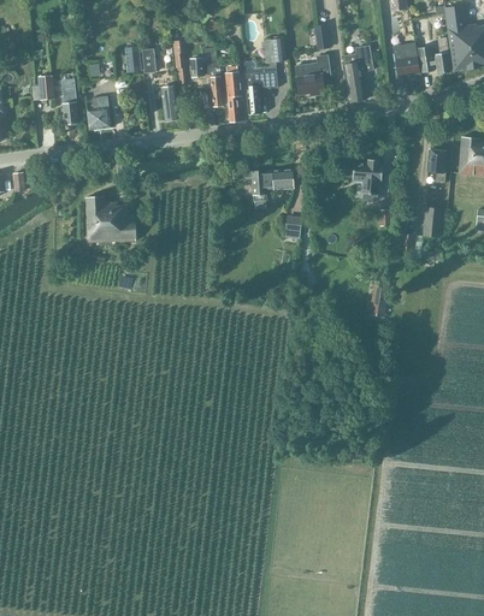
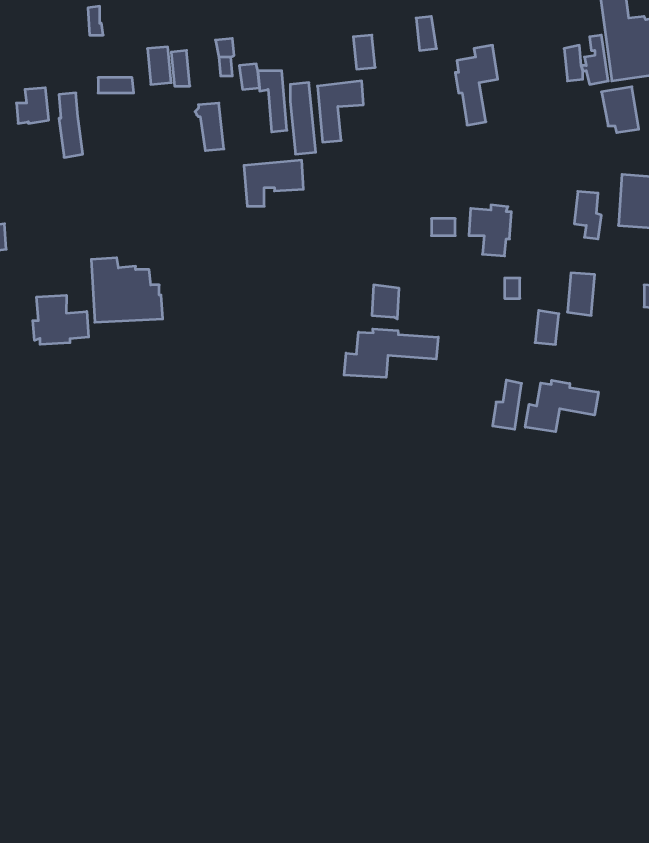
building: [394,42,420,75] -> [601,87,639,133]
building: [295,54,331,94] -> none
building: [88,95,112,129] -> none
building: [252,167,294,200] -> [244,160,303,206]
building: none -> [33,295,89,344]
building: none -> [344,329,438,377]
building: none -> [525,380,598,432]

